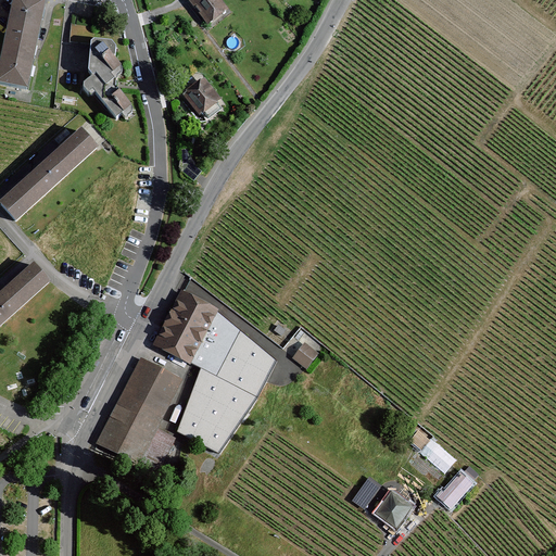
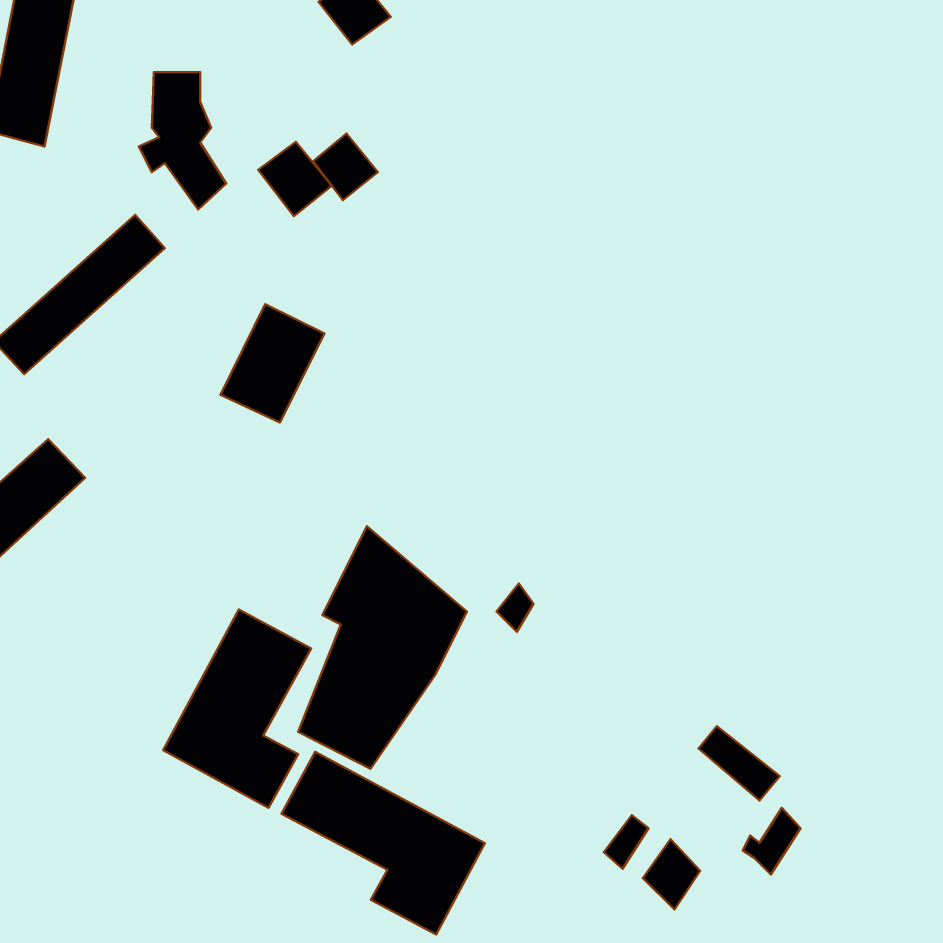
building: none -> [258,142,332,216]
building: [154,291,215,361] -> [221,304,324,423]
building: none -> [281,752,485,935]

